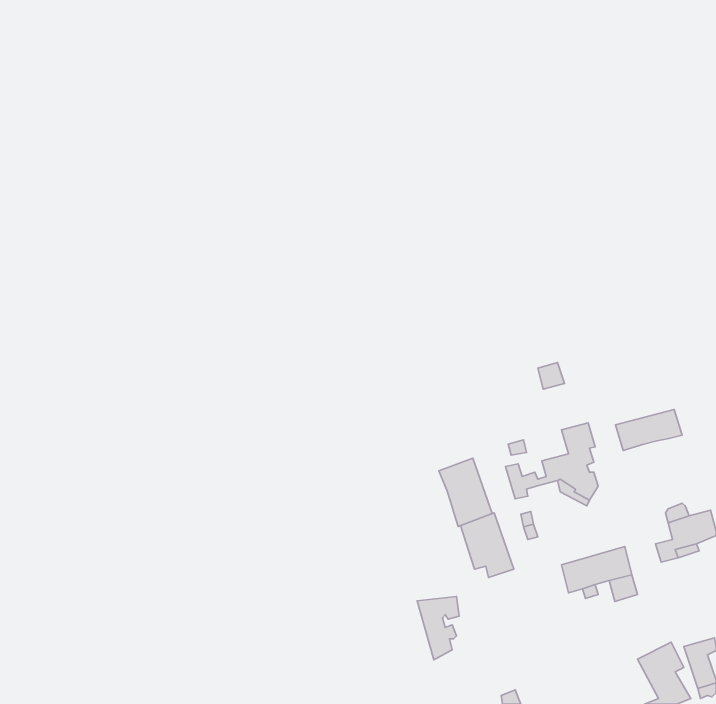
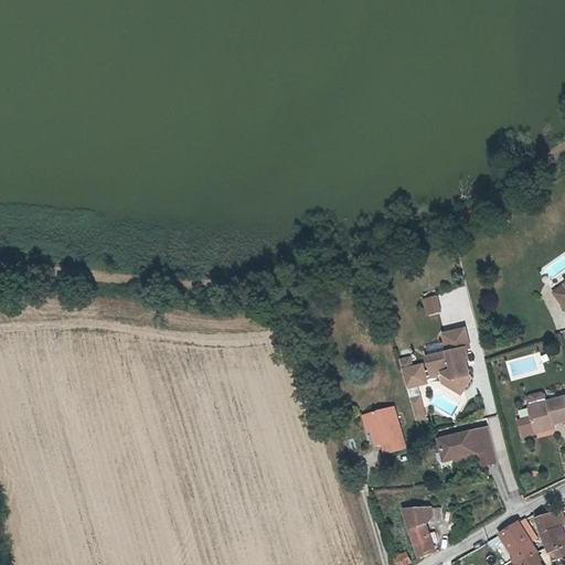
building: [615,409,682,451] -> none
building: [439,458,492,526] -> none
building: [417,597,459,660] -> [404,497,437,546]

